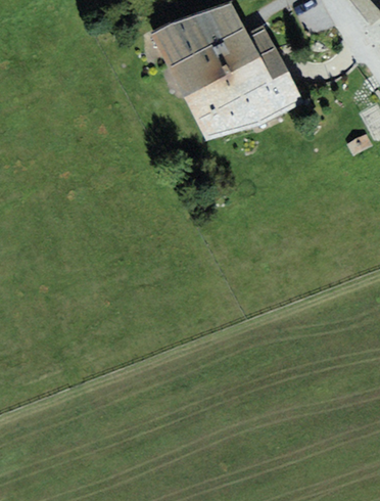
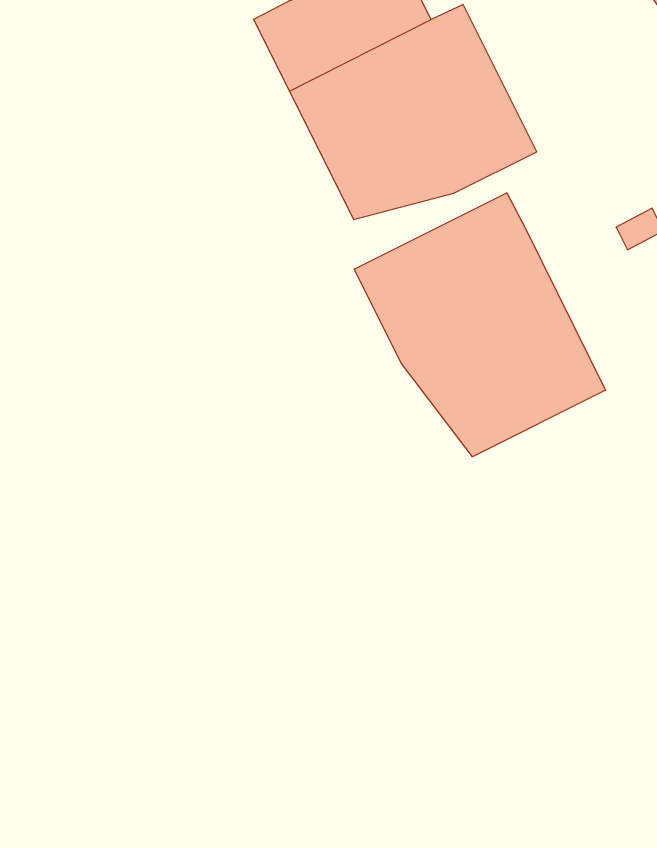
building: none -> [354,193,606,457]

